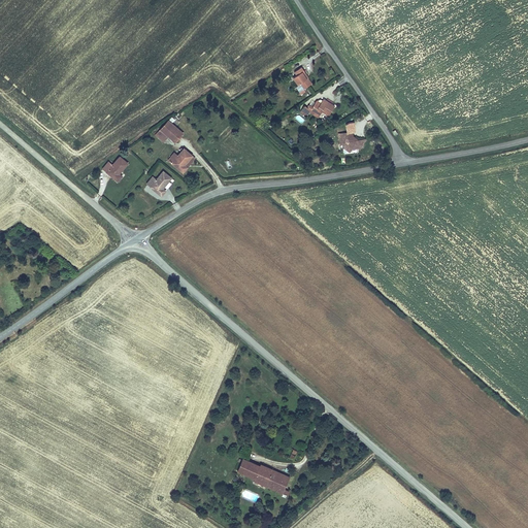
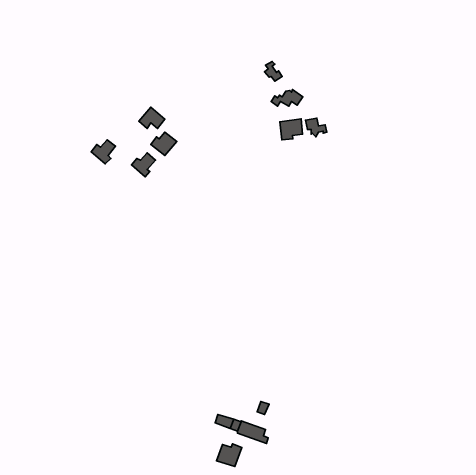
building: none -> [280,119,303,140]
building: none -> [216,444,242,467]

